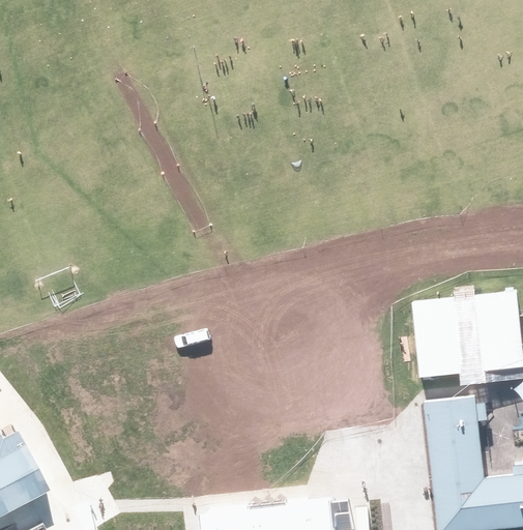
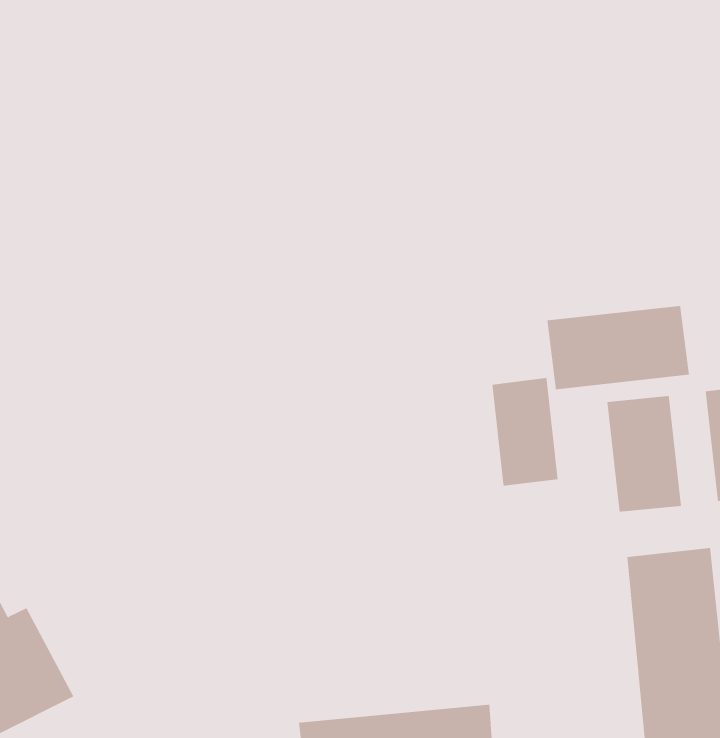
building: none -> [547,305,689,390]
building: none -> [492,377,558,487]

